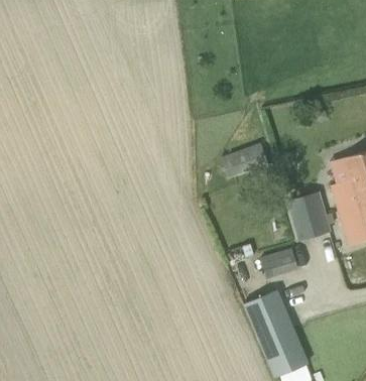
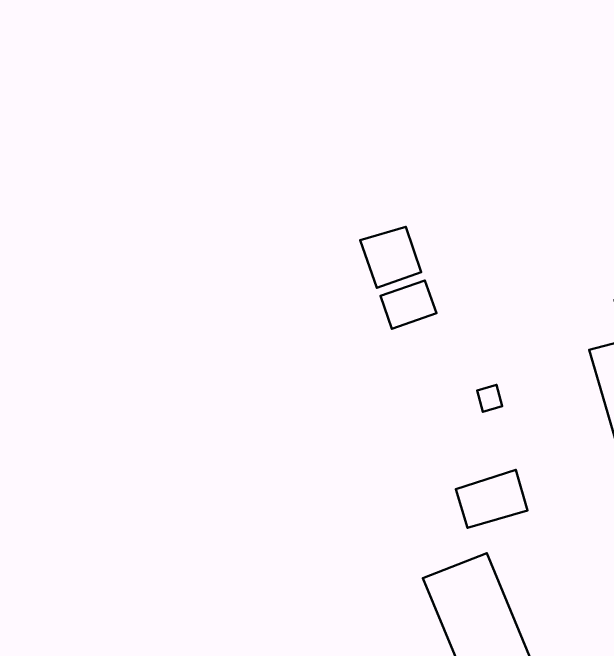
building: none -> [360,227,421,288]
building: [287,190,331,240] -> none

